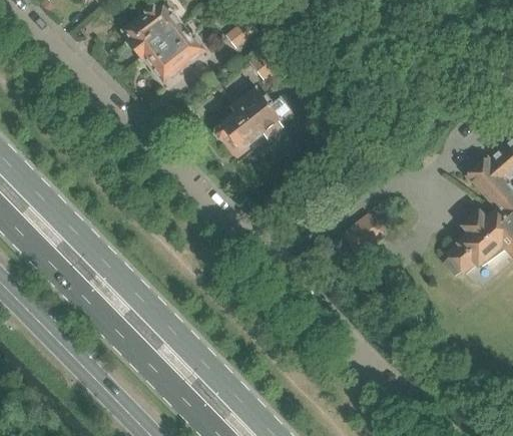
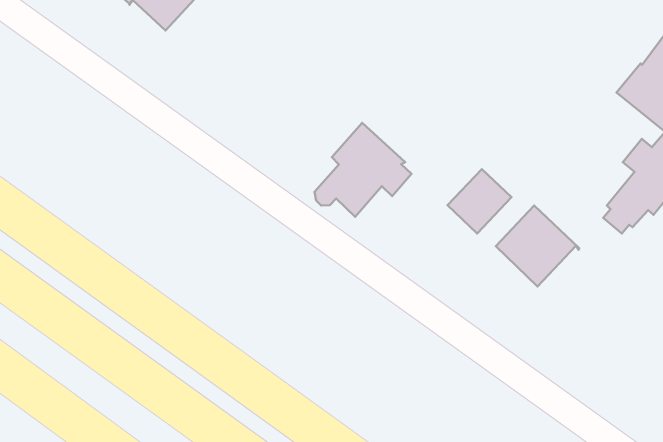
building: [215,86,285,150] -> [315,123,411,217]
building: none -> [496,206,579,286]

